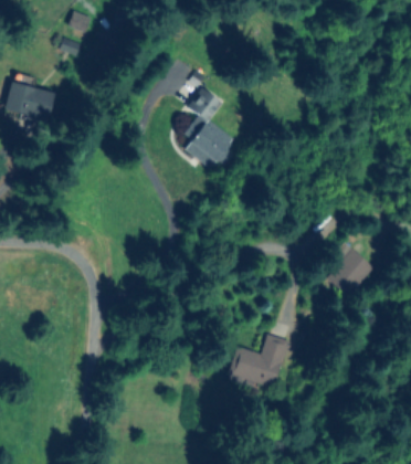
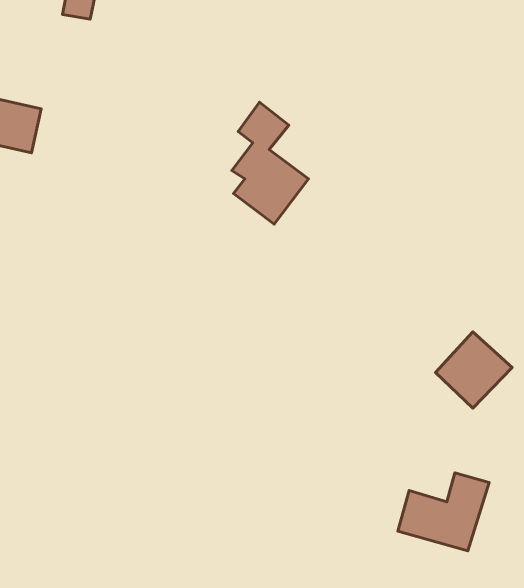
building: [228,335,289,388] -> [398,473,489,551]

